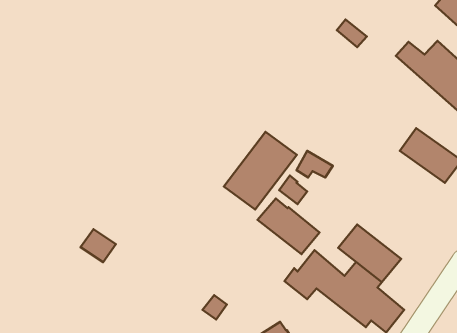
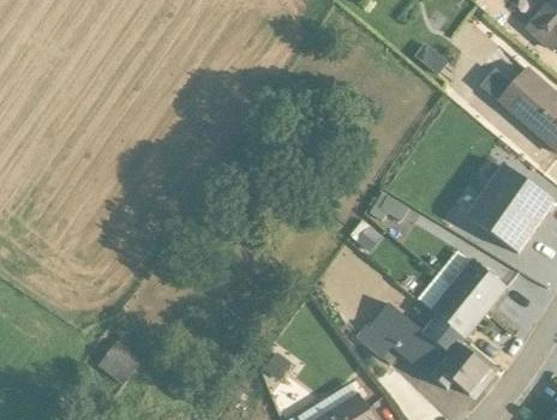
building: [224,132,297,209] -> none
building: none -> [467,191,535,253]
building: [258,198,320,254] -> [437,250,507,312]
building: [81,229,116,262] -> [102,337,142,374]

